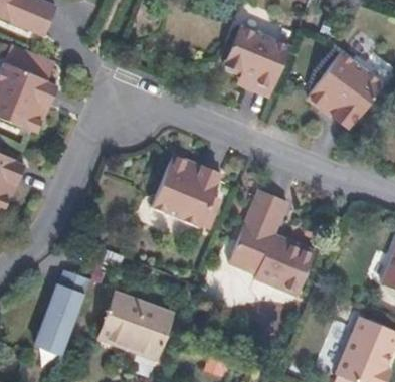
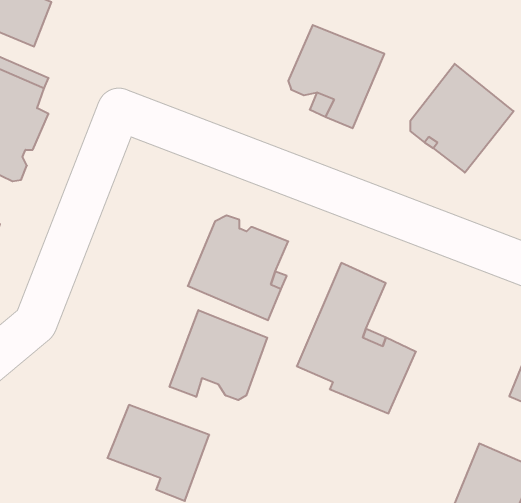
building: none -> [170,310,267,400]
building: [36,266,91,354] -> none

